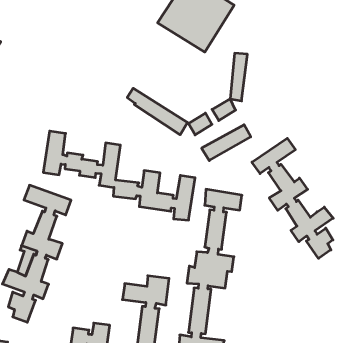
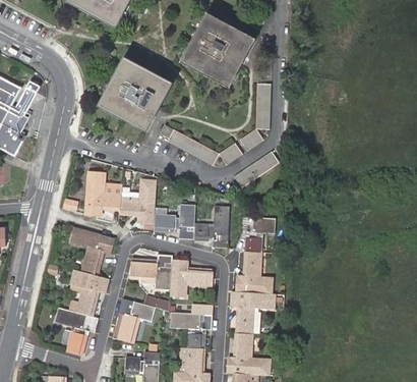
building: none -> [101,60,171,130]
building: [252,138,333,258] -> none
building: none -> [130,253,212,295]
building: none -> [118,297,156,343]

